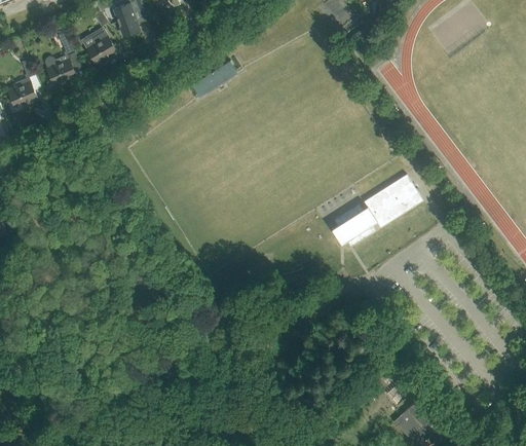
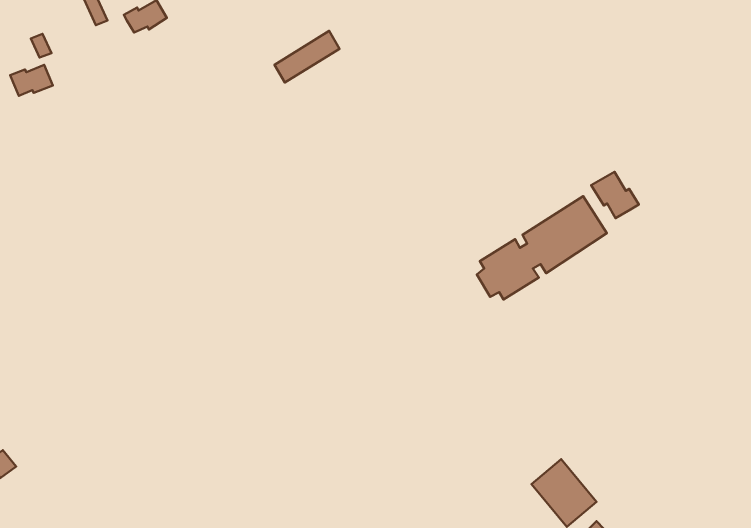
building: [44,55,75,82] -> none
building: none -> [591,172,639,218]

